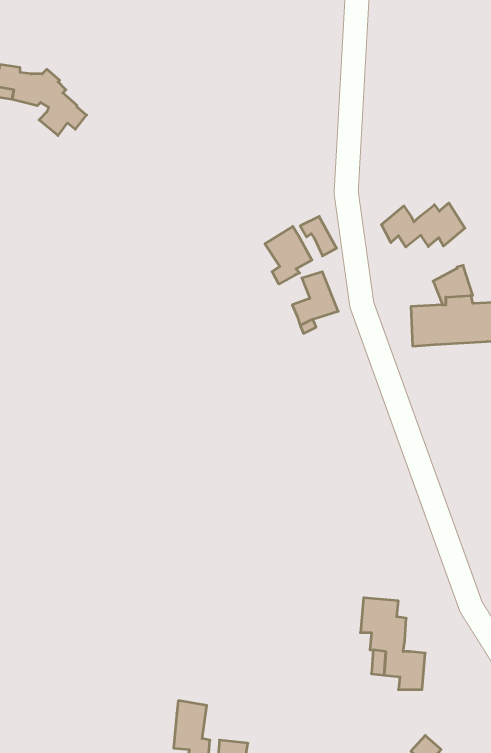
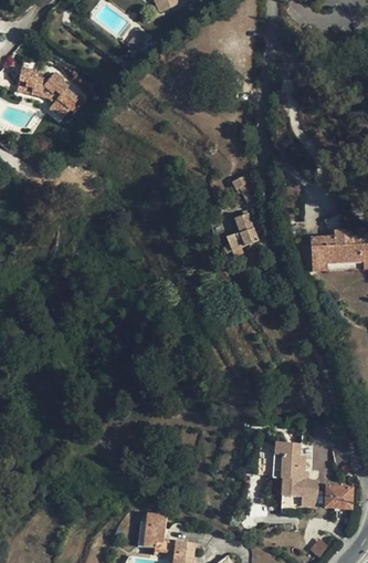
building: [381,203,465,247] -> none
building: [265,226,312,284] -> none
building: none -> [324,486,351,508]

